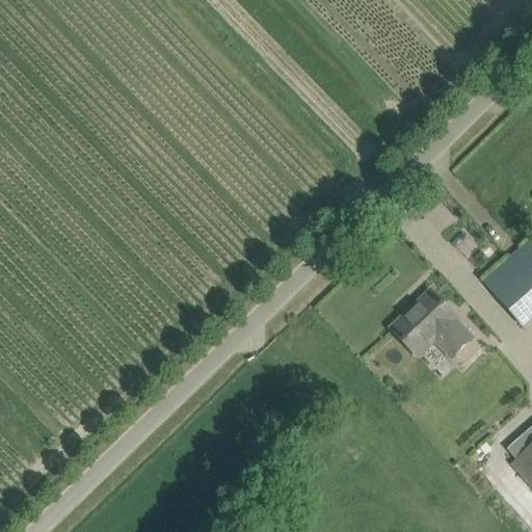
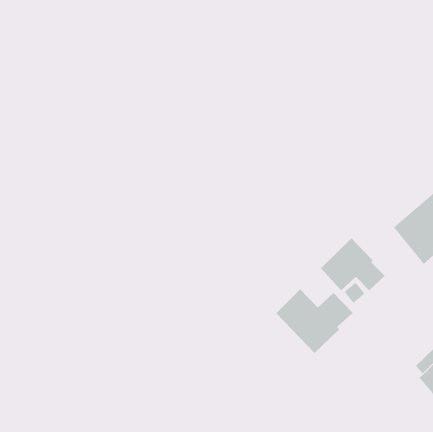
building: none -> [276,289,354,354]

